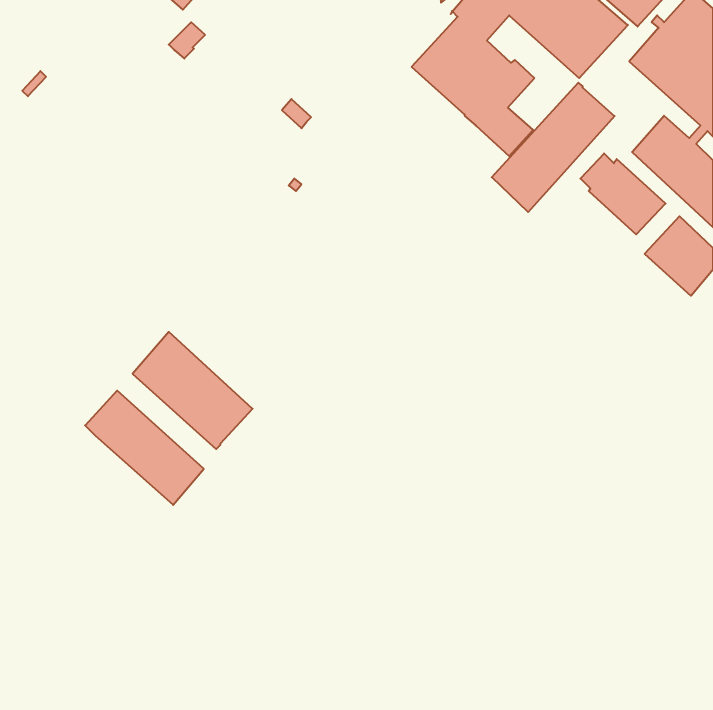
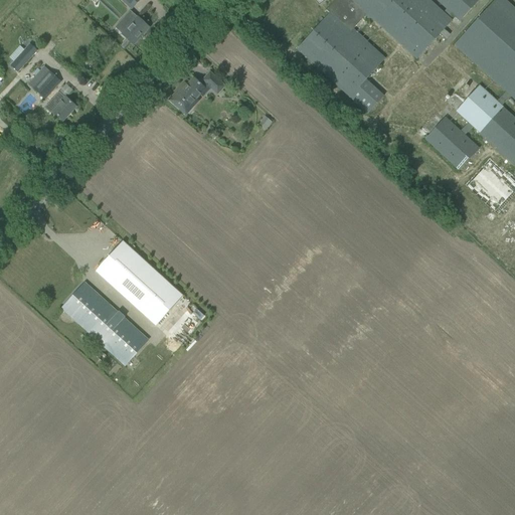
building: [492,83,615,212] -> none
building: none -> [27,64,60,98]
building: none -> [169,76,206,112]
building: none -> [44,90,75,120]

